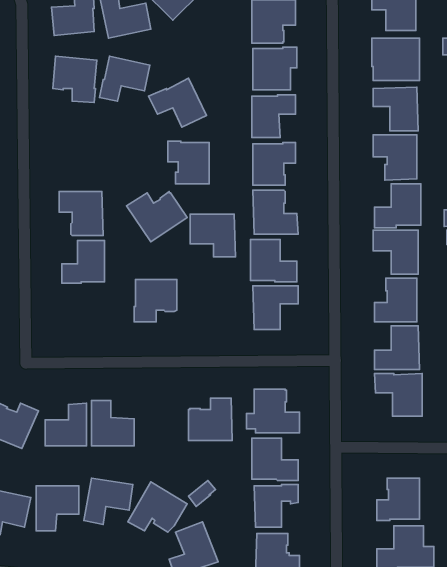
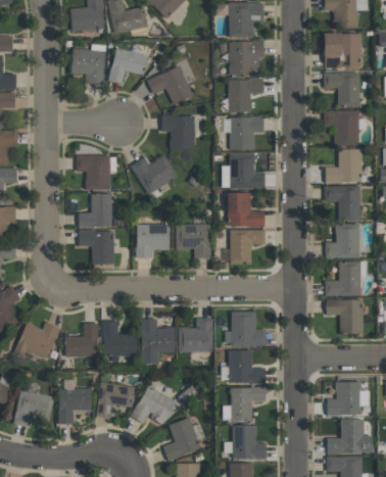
building: [190,214,236,257] -> [175,225,210,258]
building: none -> [78,231,113,265]
building: none -> [140,320,175,364]

